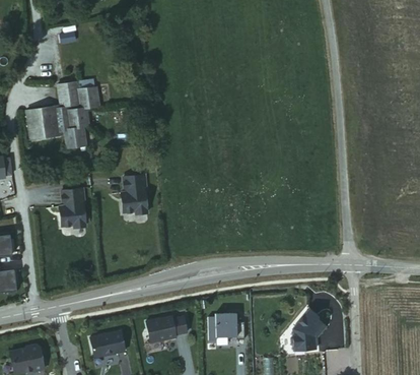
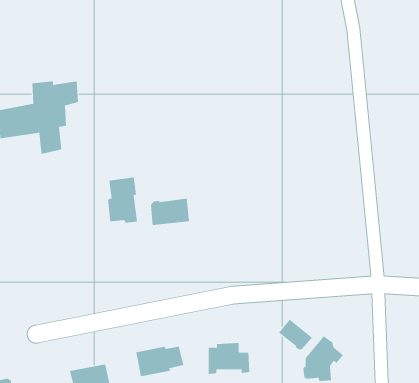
building: [60,187,86,227] -> none
building: none -> [151,198,189,226]
building: none -> [278,319,313,350]

